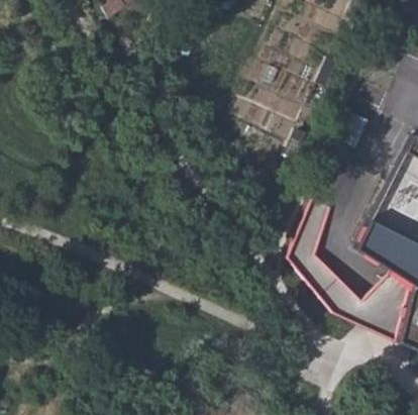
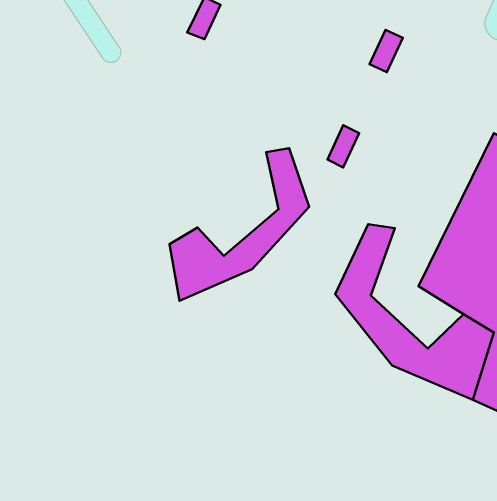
building: none -> [169,148,309,301]

